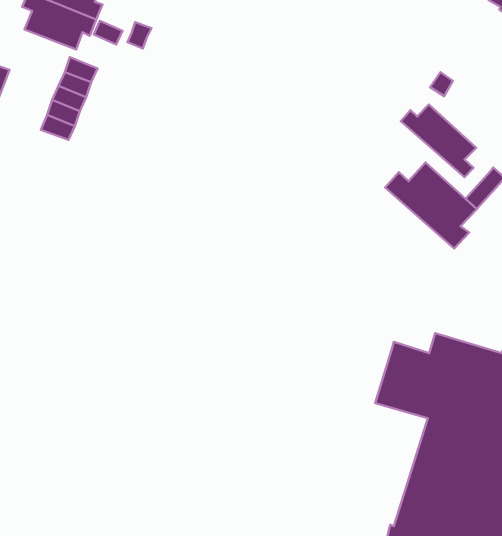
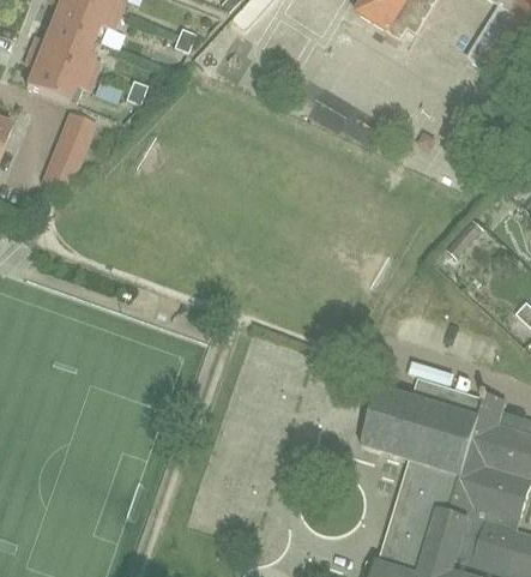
building: [401,105,476,177] -> none
building: [385,162,477,249] -> none

